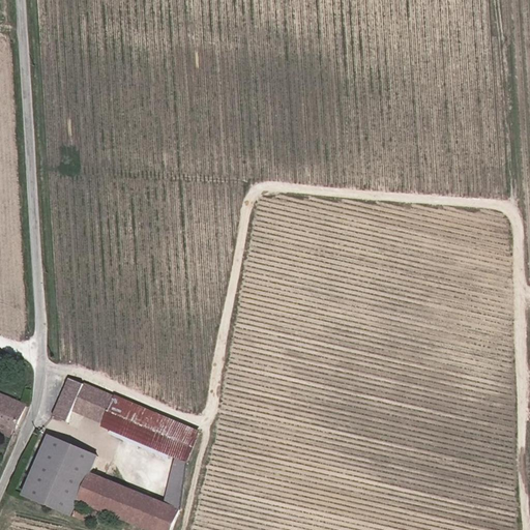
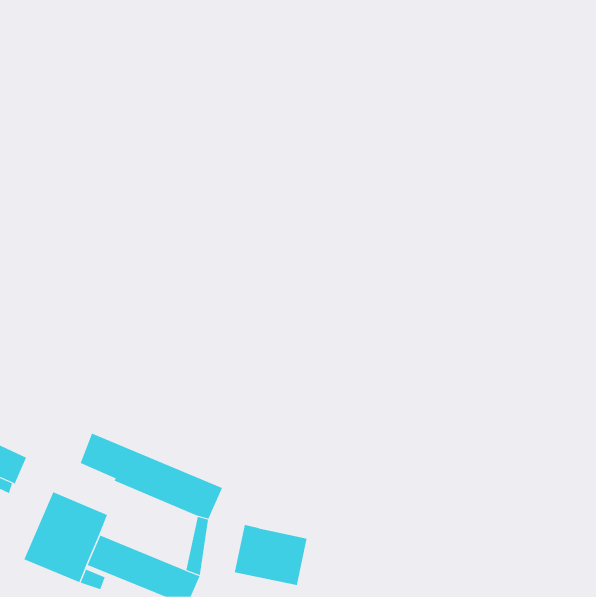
building: [51,376,81,421] -> none
building: none -> [234,524,307,586]

